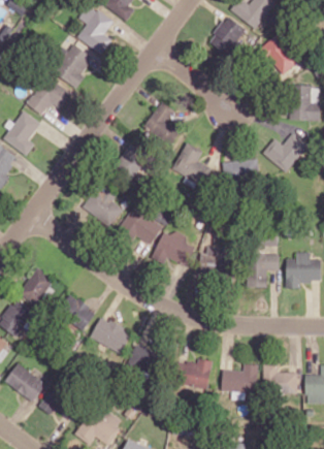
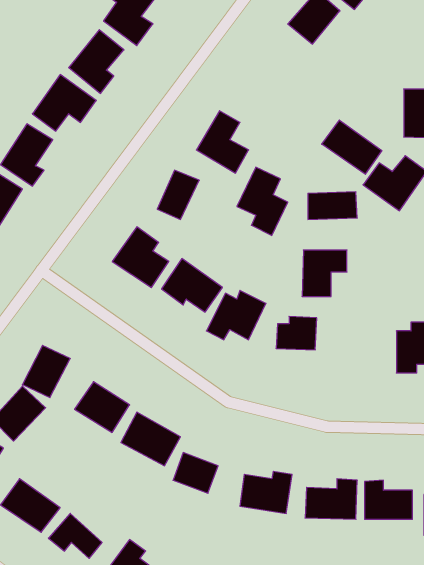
building: [260,35,299,74] -> none
building: none -> [322,120,382,174]
building: [247,254,279,287] -> [302,250,347,296]

